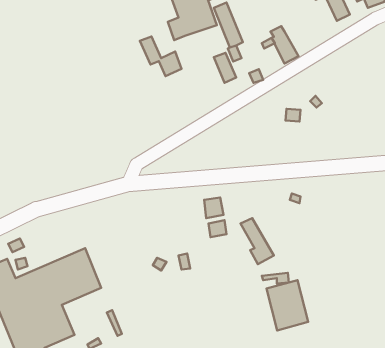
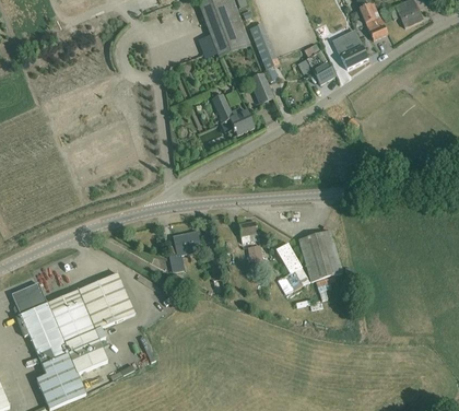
building: none -> [333,31,368,68]
building: [140,37,181,76] -> [212,95,255,136]
building: none -> [167,231,201,272]
building: [266,280,308,330] -> [299,228,342,280]

